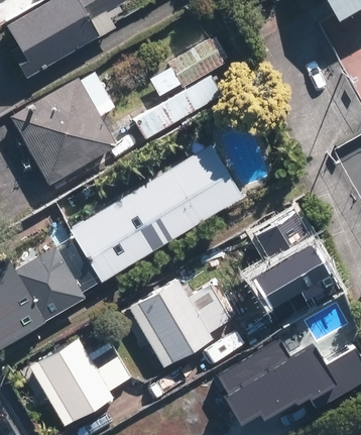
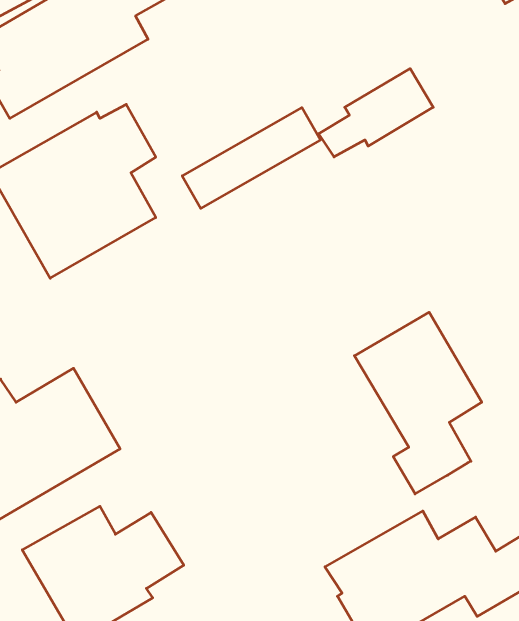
building: [149,37,224,95] -> [318,69,433,157]
building: [67,147,238,286] -> none
building: [128,278,233,367] -> none

